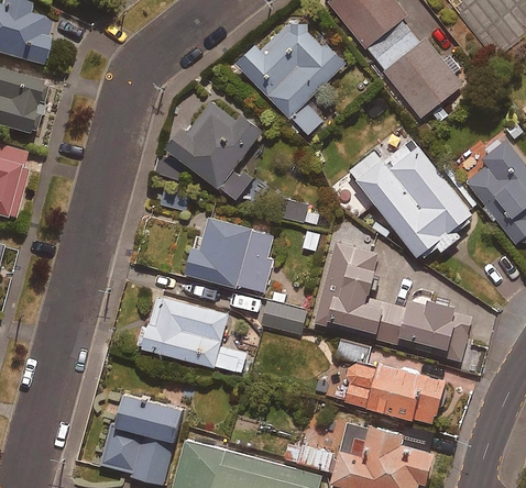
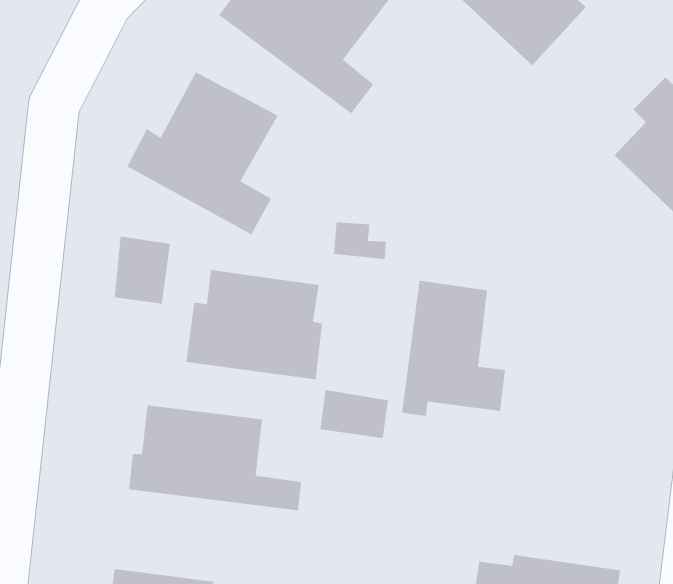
building: [349,127,478,255] -> none
building: none -> [114,236,170,304]
building: [379,288,469,363] -> none
building: [315,339,445,423] -> none

